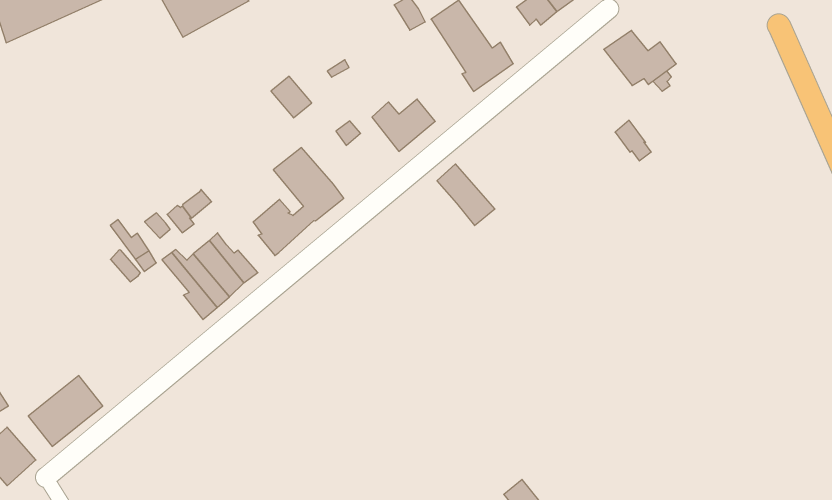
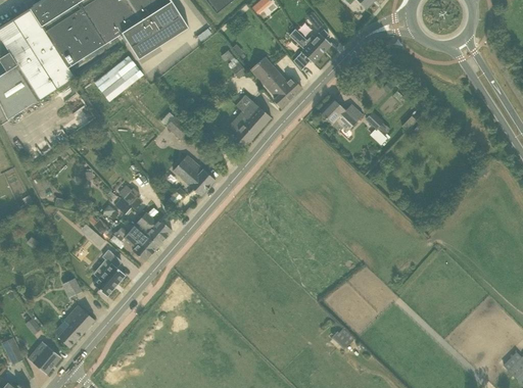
building: [604,30,676,86] -> [319,99,362,131]
building: [437,164,495,226] -> [235,94,271,128]
building: none -> [92,249,125,296]

